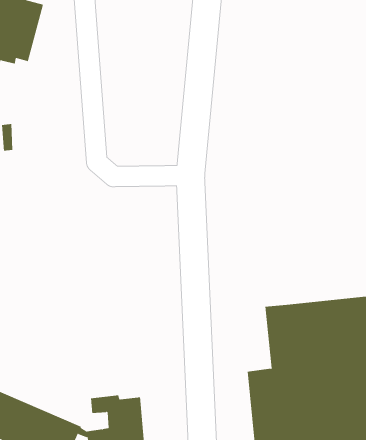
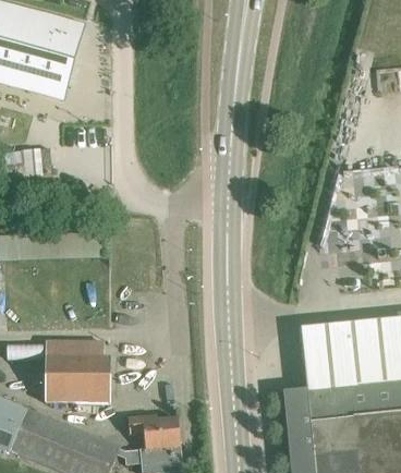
building: none -> [44,341,108,401]

